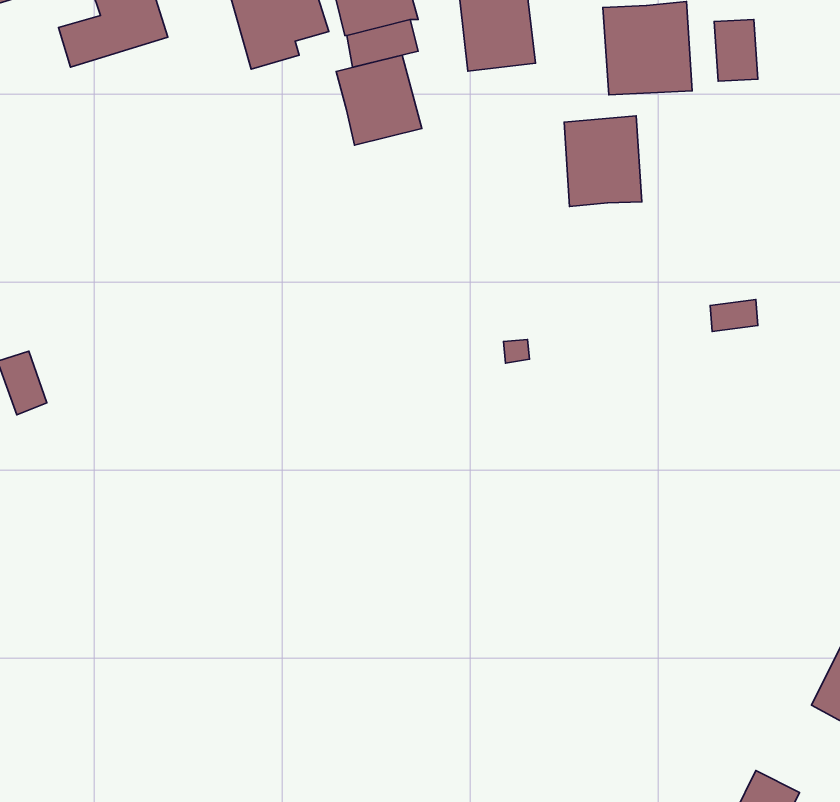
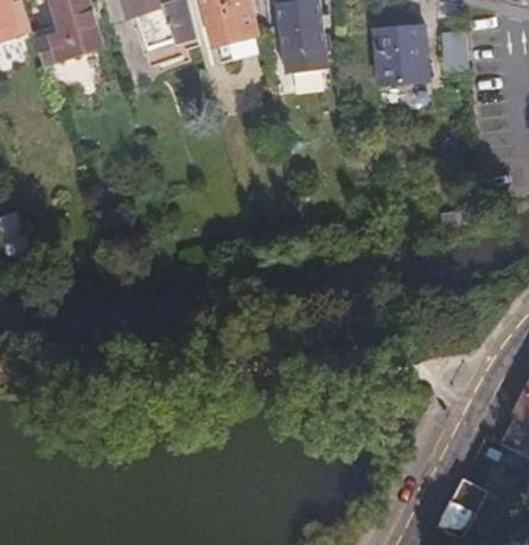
building: [336,55,422,145] -> none
building: [564,116,642,206] -> none

